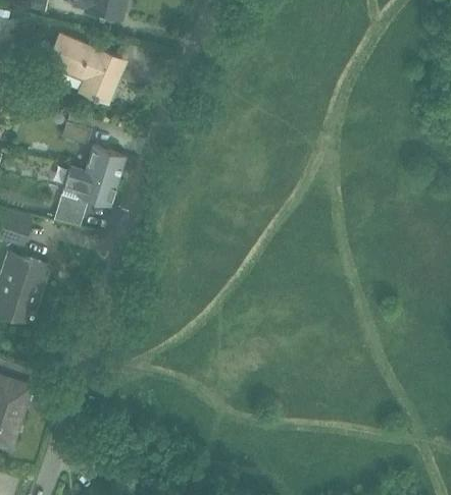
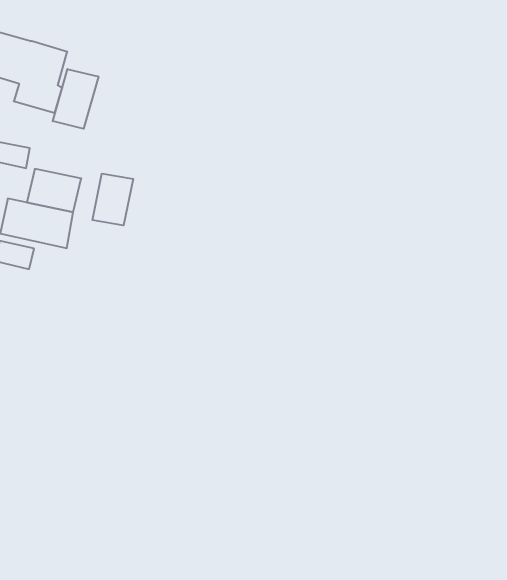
building: none -> [53,69,98,129]
building: none -> [92,174,133,225]

